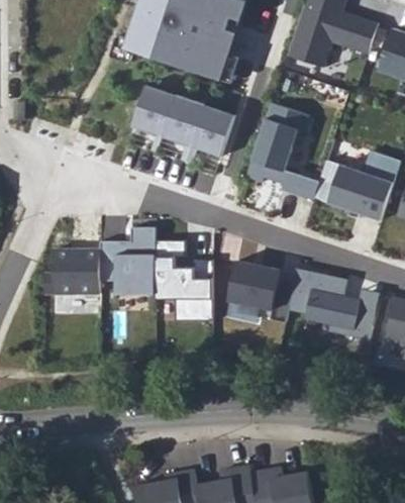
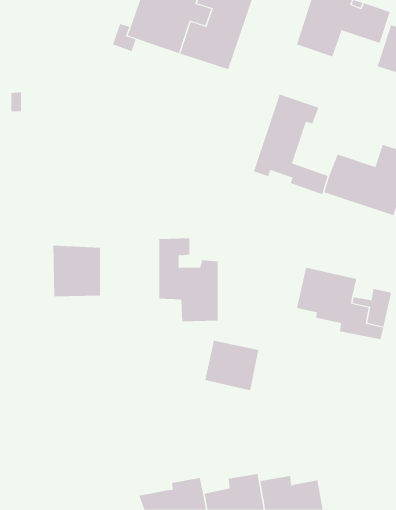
building: [131,84,234,156] -> none
building: [99,226,155,294] -> none
building: [227,261,280,309] -> [205,340,259,391]

